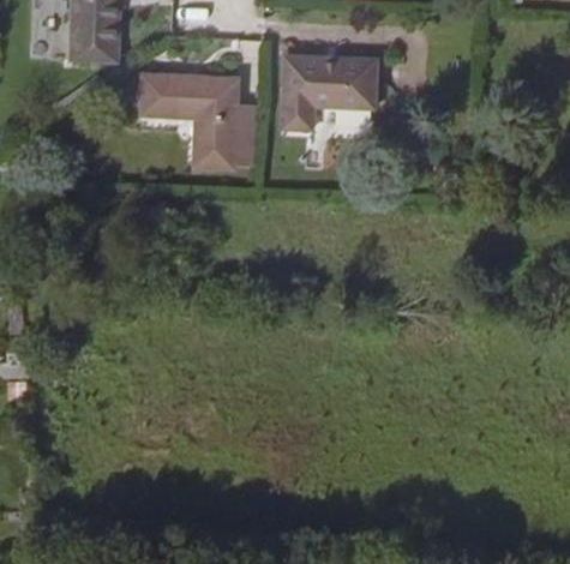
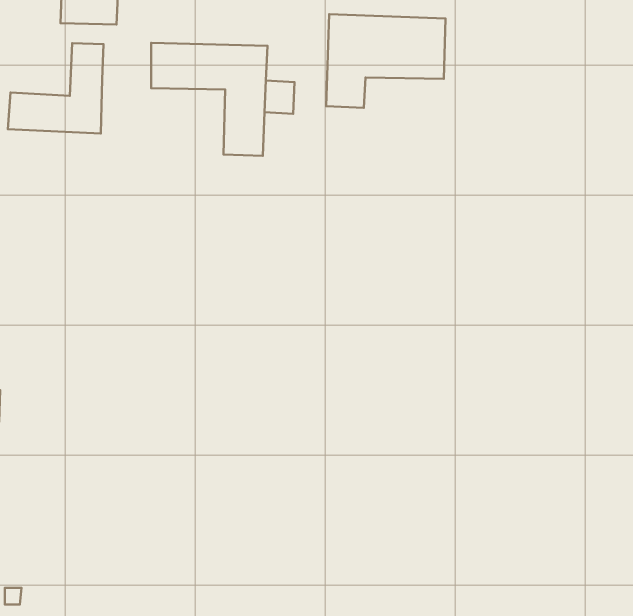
building: none -> [8,43,104,134]

